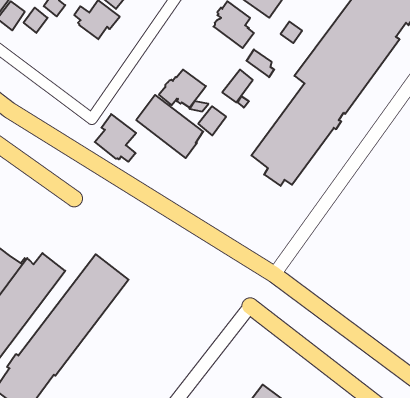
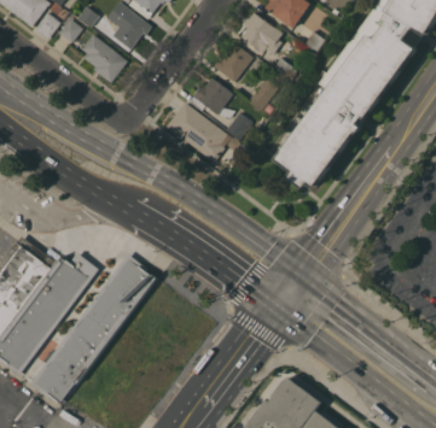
building: none -> [82,34,127,82]
building: none -> [213,43,252,82]
building: [95,114,136,162] -> none

